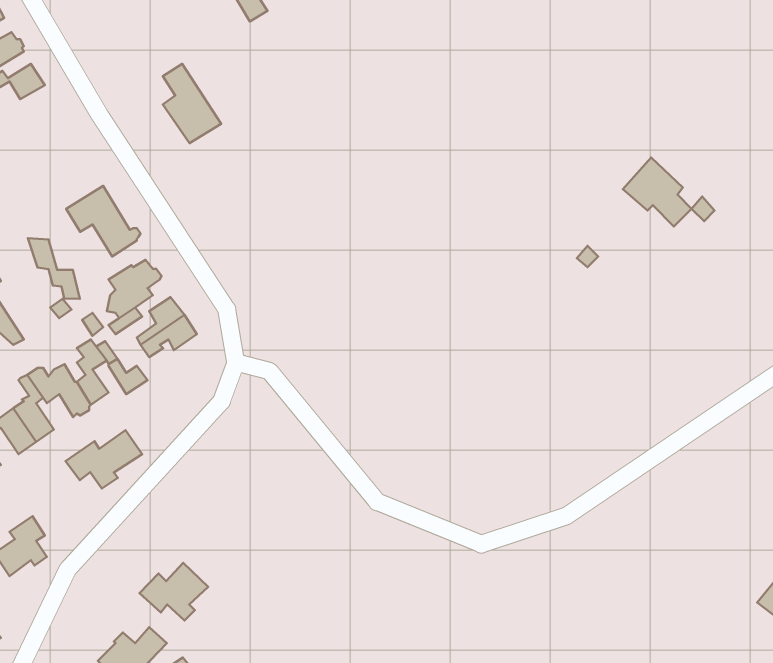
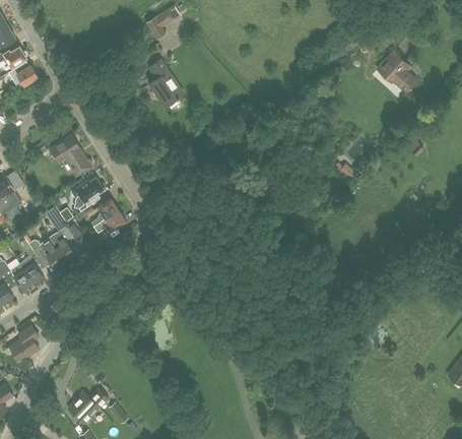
building: [163,64,221,143] -> [150,60,184,106]
building: [623,158,692,226] -> [377,51,416,90]
building: [28,238,80,299] -> none
building: [65,430,142,488] -> none
building: [140,563,208,621] -> none

